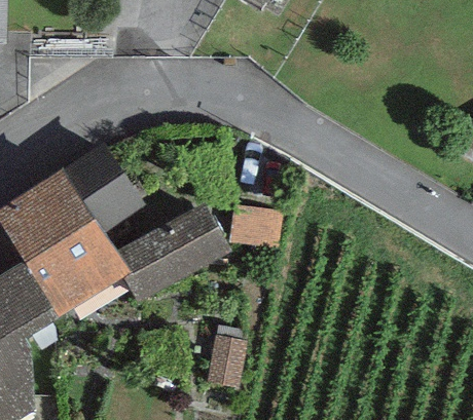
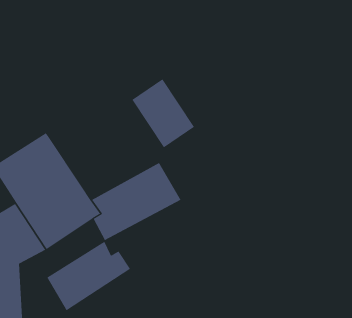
building: [66,146,145,233] -> [132,78,195,148]
building: none -> [46,241,131,311]

